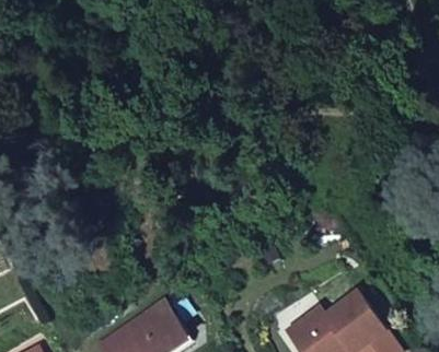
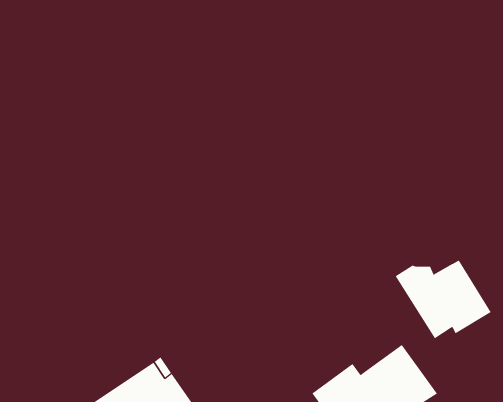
building: none -> [395,260,491,339]

